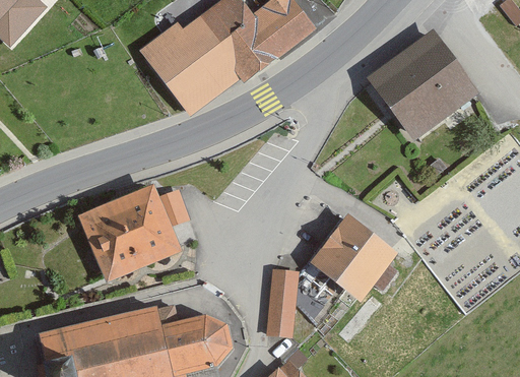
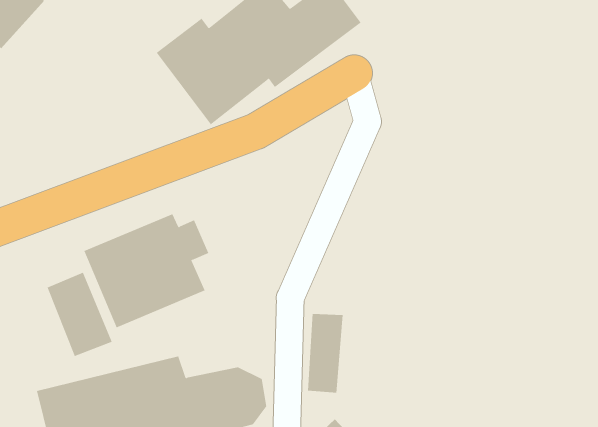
building: [368,29,480,140] -> none
building: [311,212,401,303] -> none
building: none -> [47,272,113,357]

